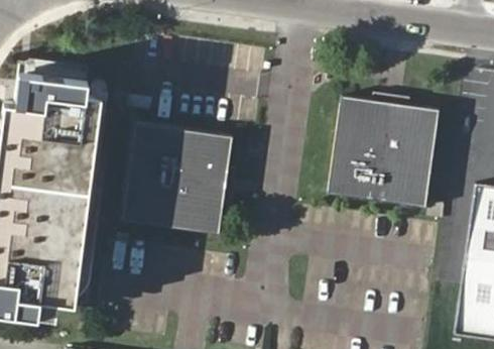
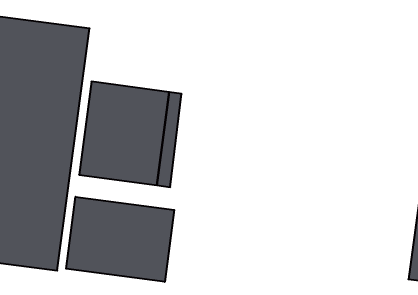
building: [332,95,441,204] -> none
building: none -> [66,197,174,282]

